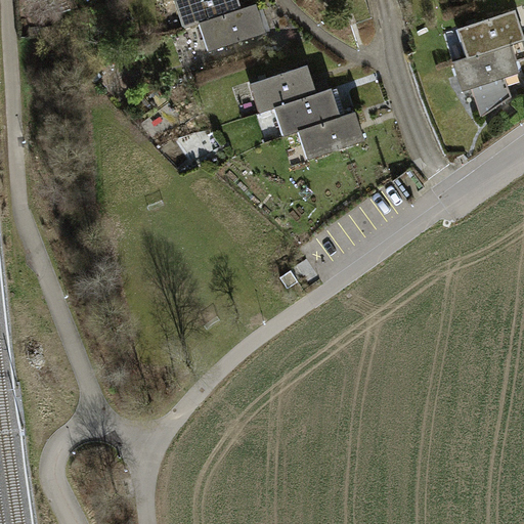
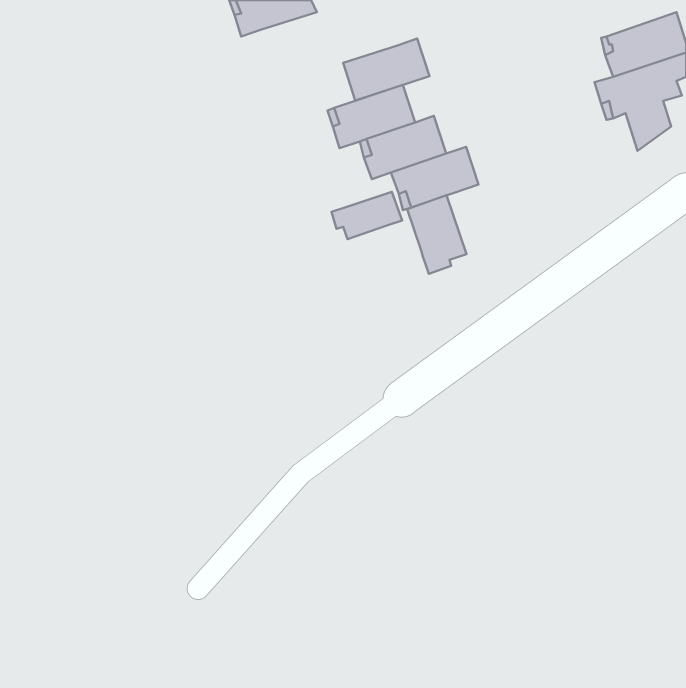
building: [199,4,264,51] -> [343,38,429,100]
building: none -> [331,192,402,239]
building: none -> [407,195,466,274]

